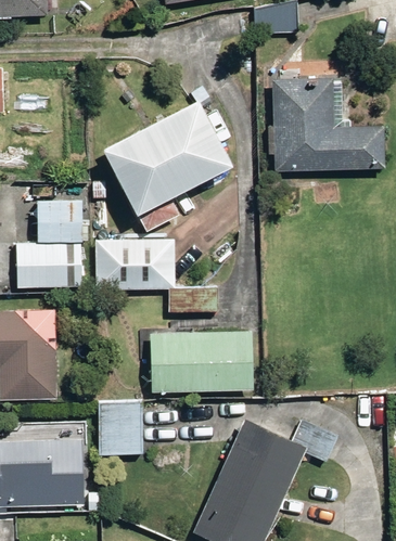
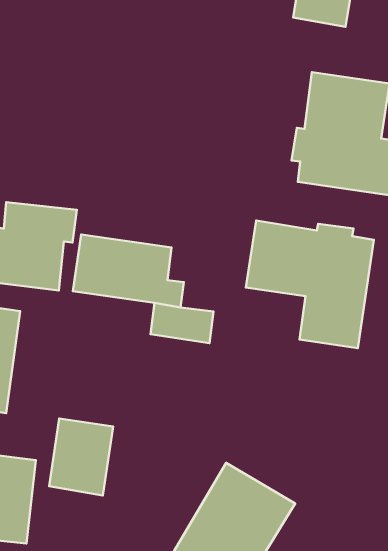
building: [104,95,239,216] -> none
building: none -> [246,220,374,348]
building: [150,332,253,392] -> none

